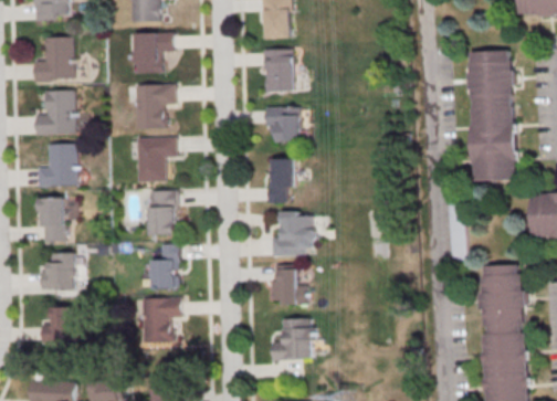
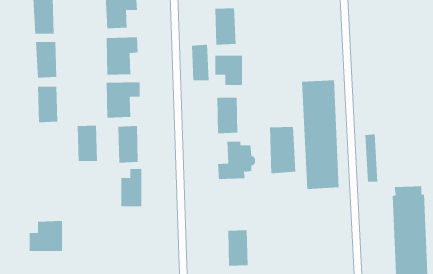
building: [466,50,513,182] -> [301,80,340,189]
building: none -> [191,44,209,81]
building: none -> [270,126,296,174]
building: [40,198,65,242] -> [77,125,98,162]
building: [41,253,76,291] -> none
building: [270,268,306,305] -> none
building: [140,298,167,342] -> none

